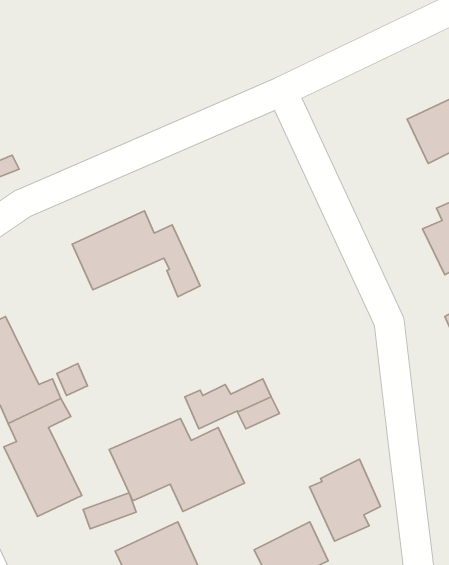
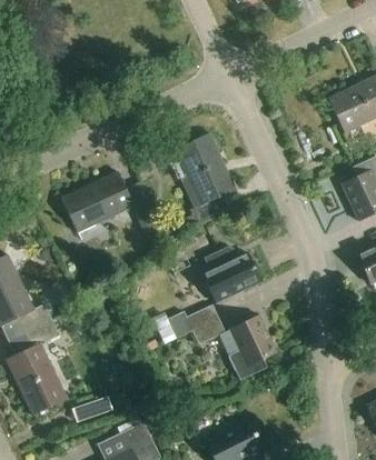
building: none -> [175,133,236,229]
building: none -> [192,247,261,303]
building: [109,419,244,512] -> none
building: [310,459,380,541] -> [220,314,277,380]

